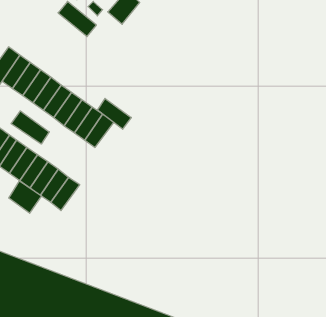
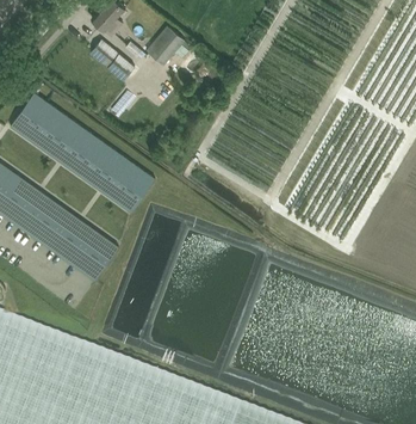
building: [98,98,131,129] -> none
building: [11,111,49,144] -> none
building: [9,181,42,213] -> none

